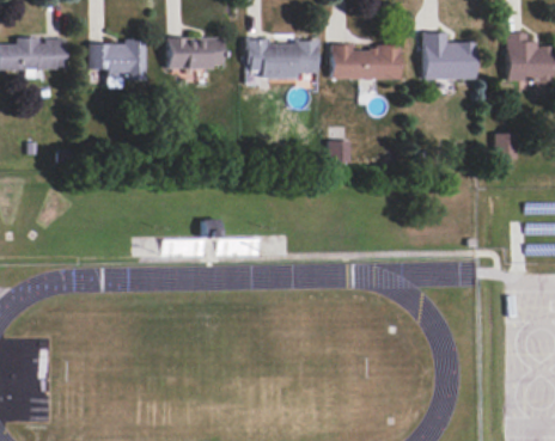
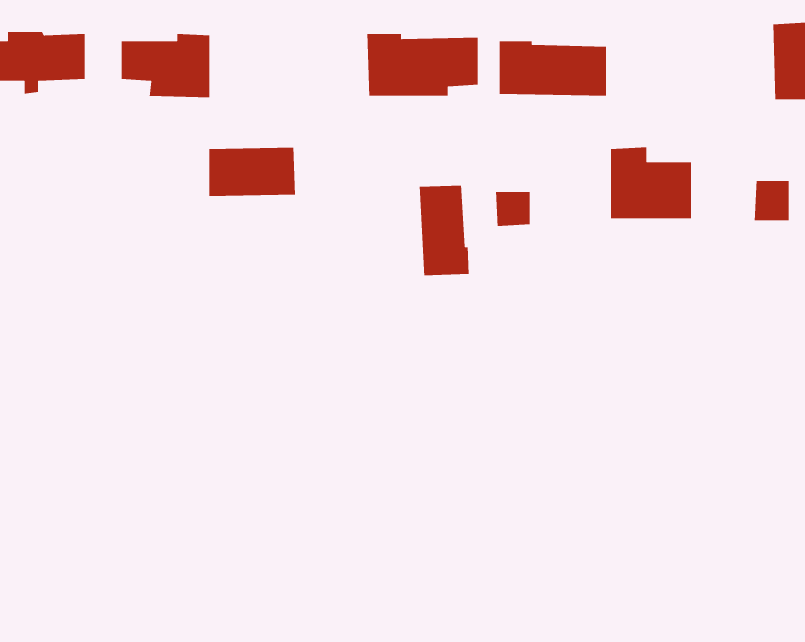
building: [423,31,476,78] -> [610,147,692,219]
building: [167,36,224,68] -> [208,147,296,197]
building: none -> [419,185,470,276]

